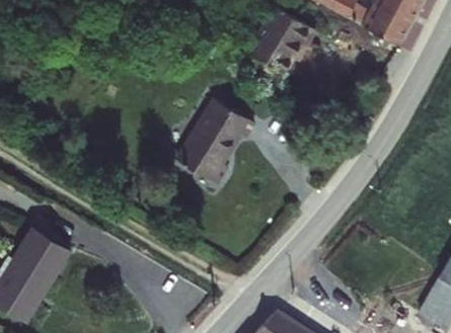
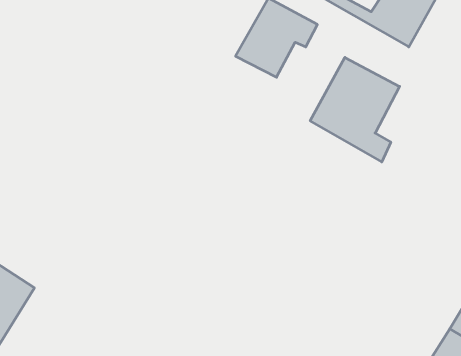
building: none -> [310,57,400,162]
building: [175,101,253,187] -> none

